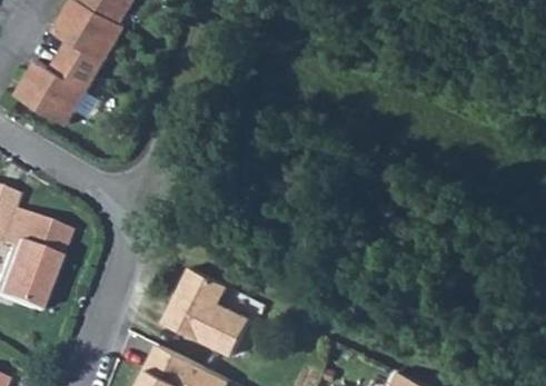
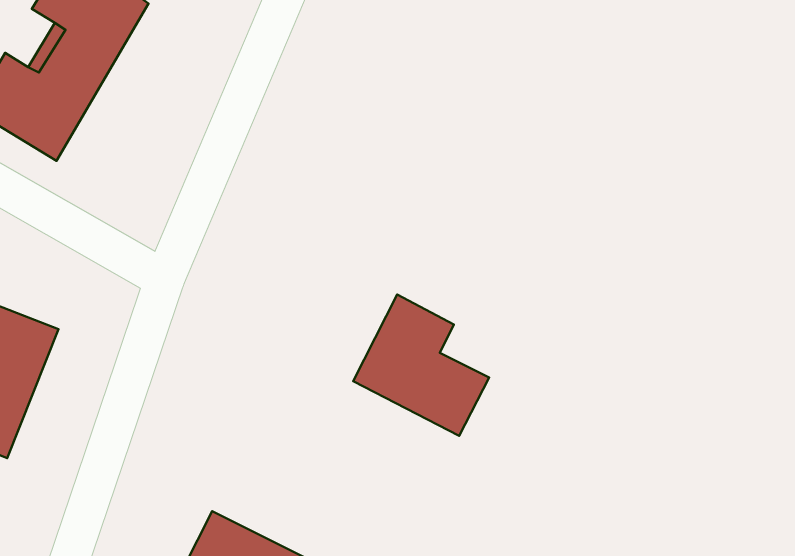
building: [165,268,250,357] -> [353,294,489,436]

